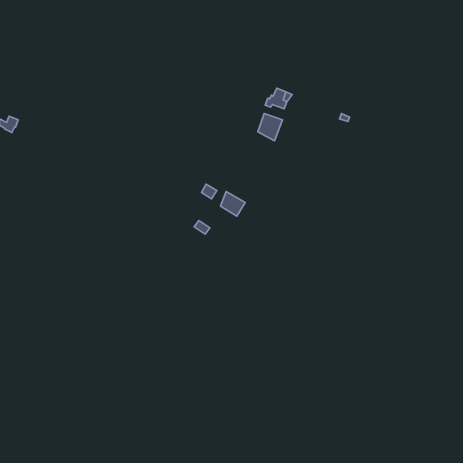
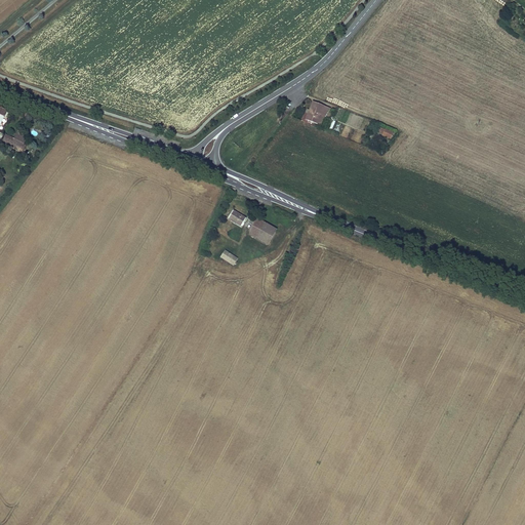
building: [258,113,282,141] -> none

